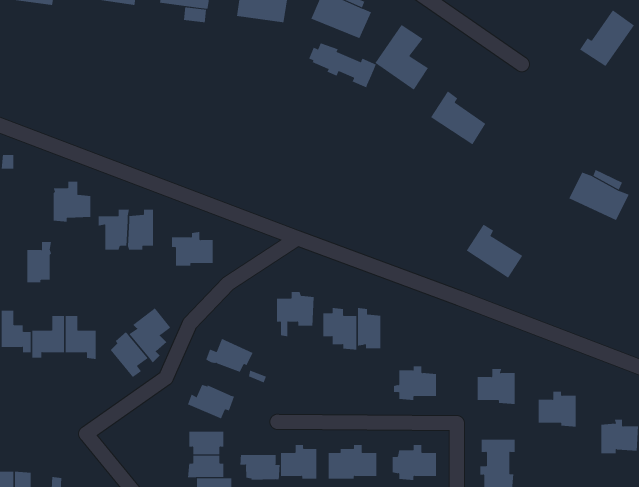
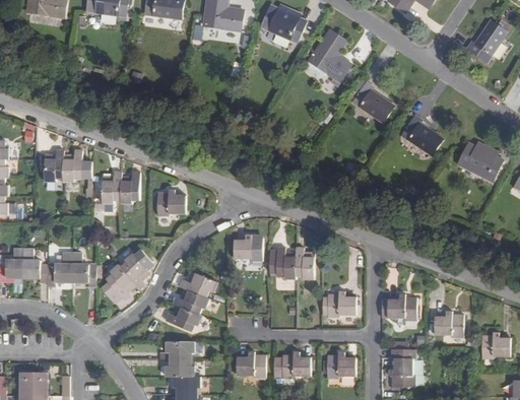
building: [308,42,377,88] -> none
building: [466,224,523,278] -> [399,115,443,156]
building: [27,242,52,283] -> [44,149,63,181]
building: none -> [172,288,208,314]
building: [240,454,280,480] -> none

